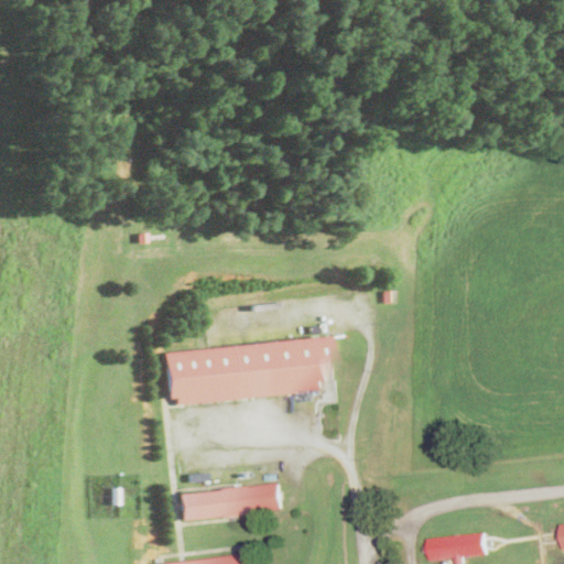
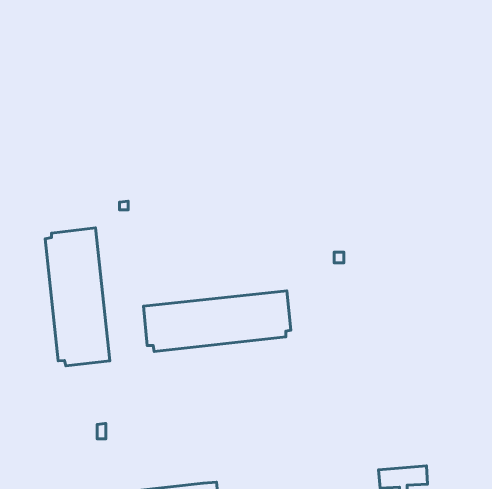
building: none -> [45,228,110,366]
building: [180,484,286,521] -> none

